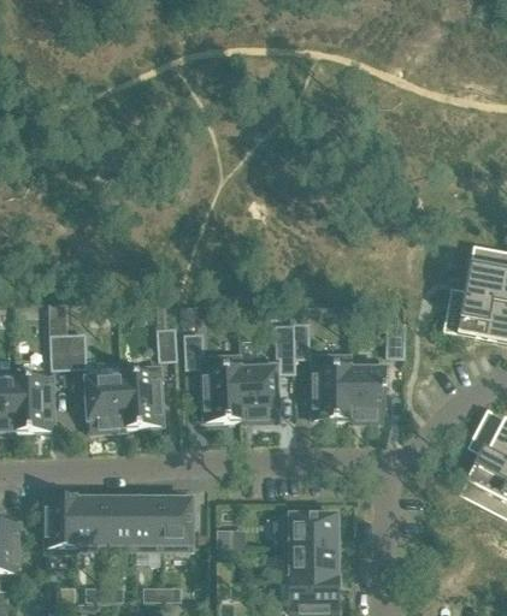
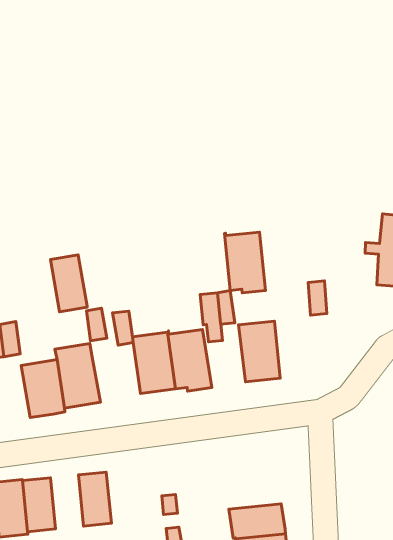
building: none -> [50,255,87,312]
building: [349,359,385,421] -> [224,232,266,293]
building: [104,496,132,549] -> none
building: [161,496,193,549] -> none
building: [283,507,337,546] -> none

